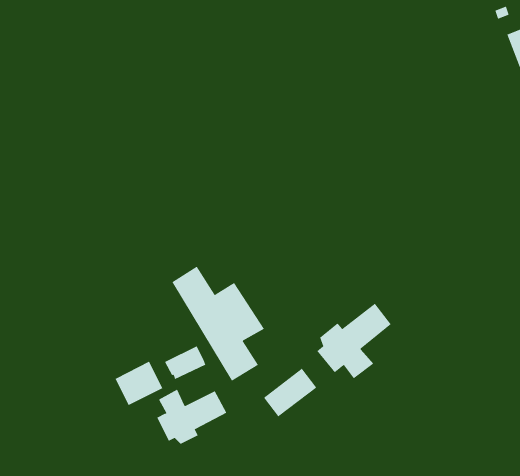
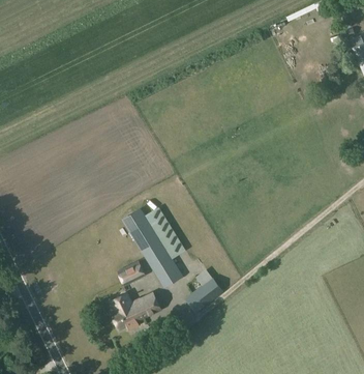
building: [316,303,391,379] -> none
building: [115,361,163,406] -> none

